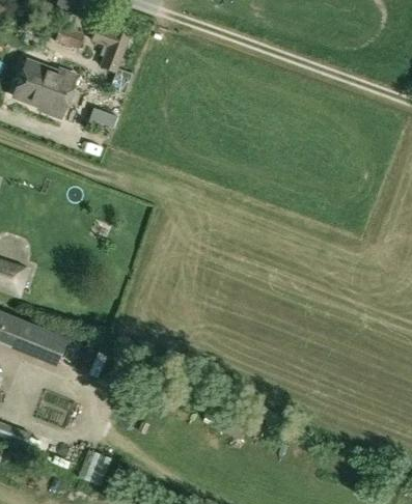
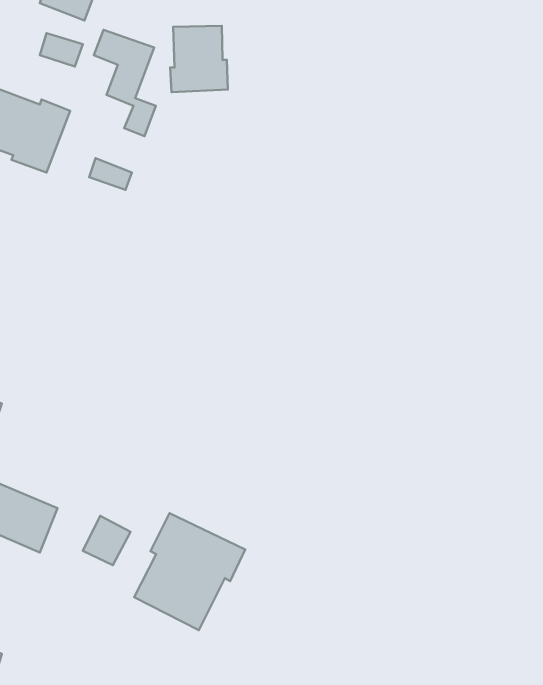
building: none -> [170,26,228,92]
building: none -> [134,513,245,630]

